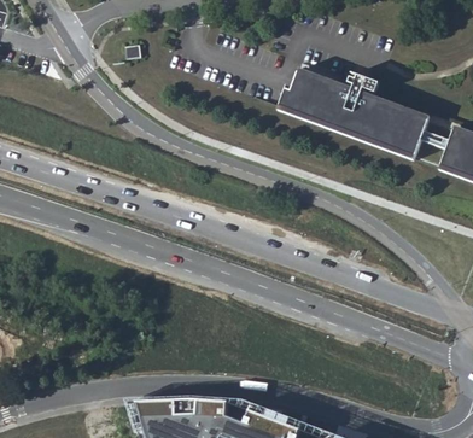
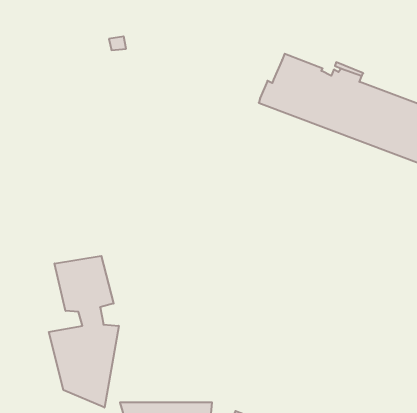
building: none -> [49,256,119,408]

